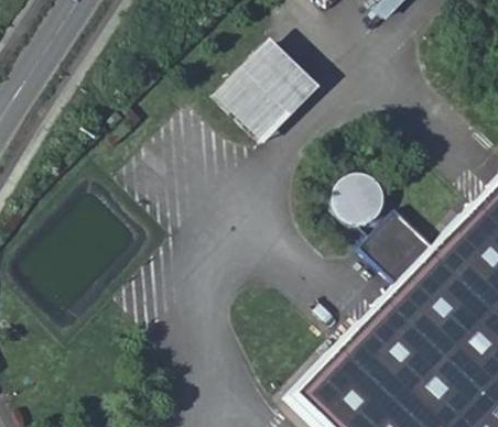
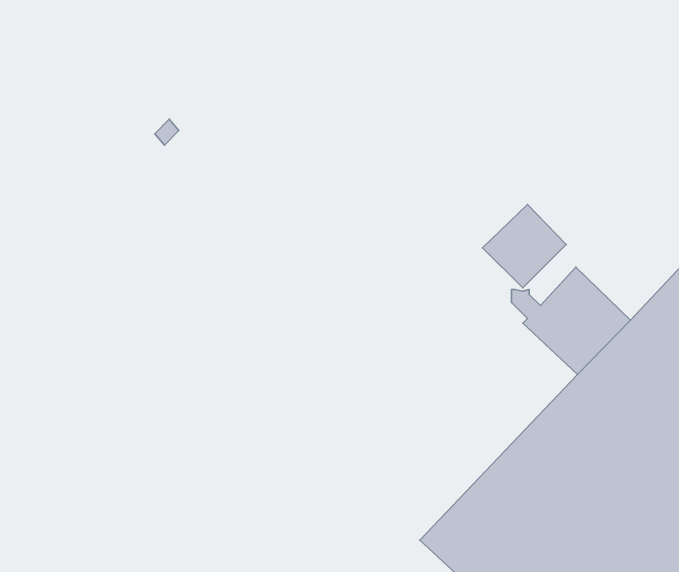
building: [223,46,325,149] -> none

